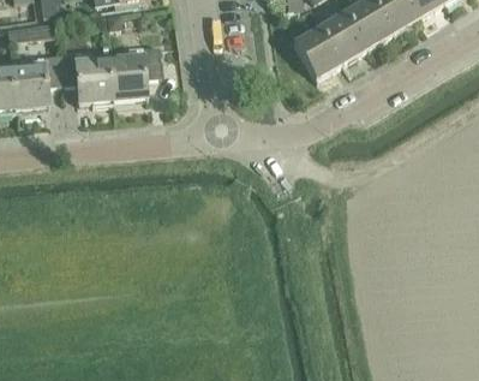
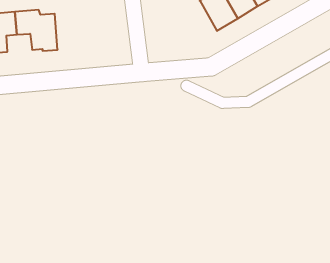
building: [109,47,161,103] -> none

